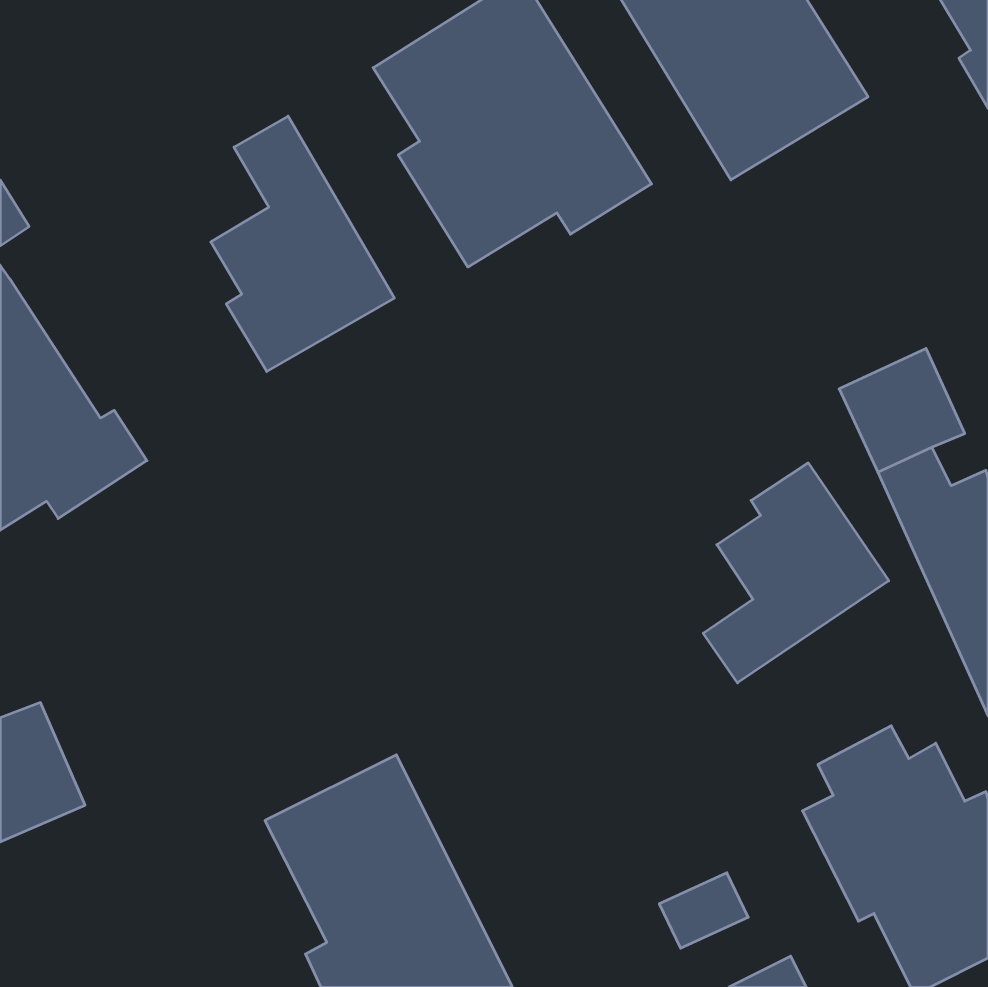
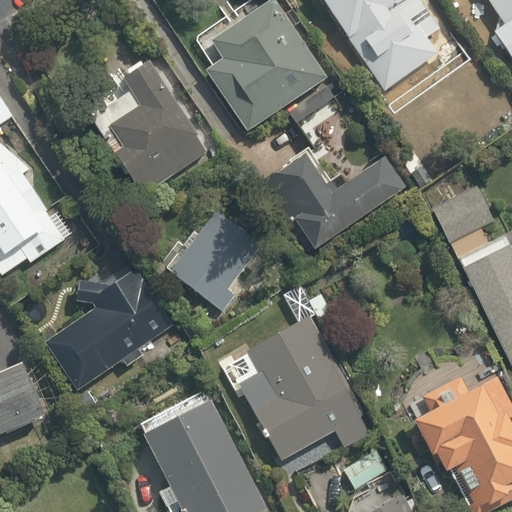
building: none -> [269,153,403,251]
building: none -> [169,208,262,303]
building: [703,463,889,683] -> none
building: none -> [49,259,178,391]
building: none -> [225,314,375,463]

